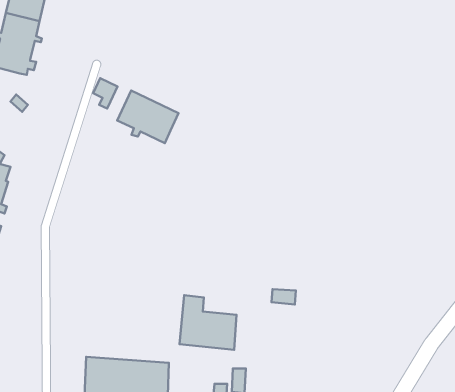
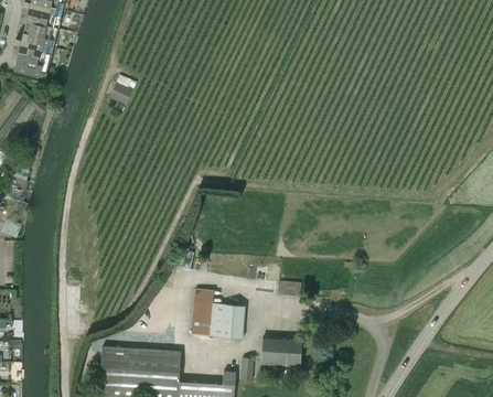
building: [117,91,179,143] -> none
building: none -> [260,334,300,366]

